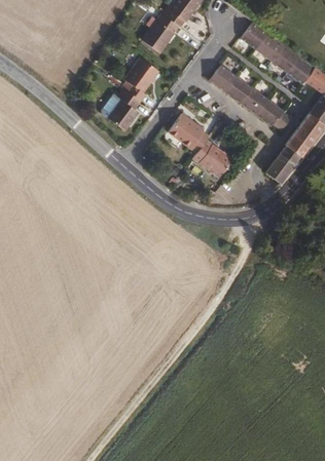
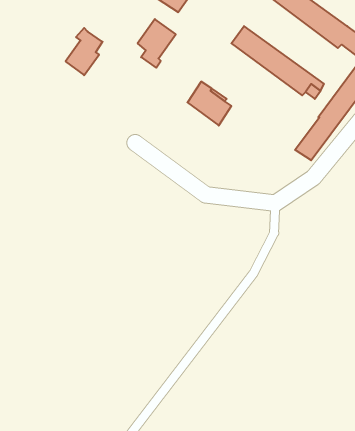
building: [109,88,142,130] -> [66,28,103,75]
building: [192,143,232,178] -> none

